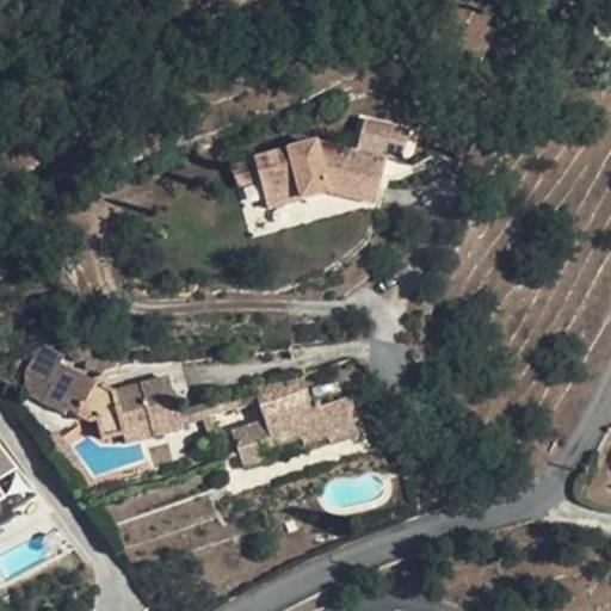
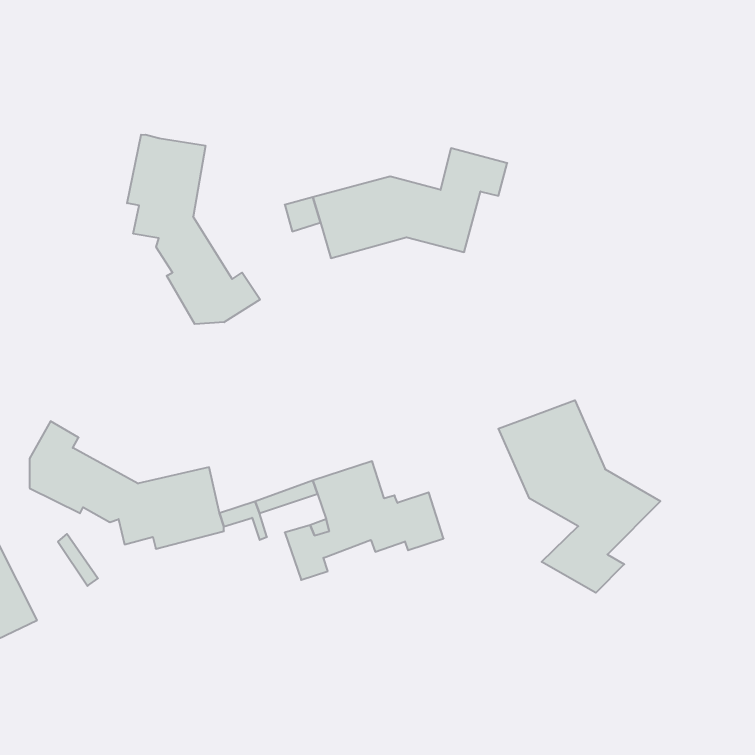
building: none -> [127,135,260,324]
building: none -> [498,400,660,593]

